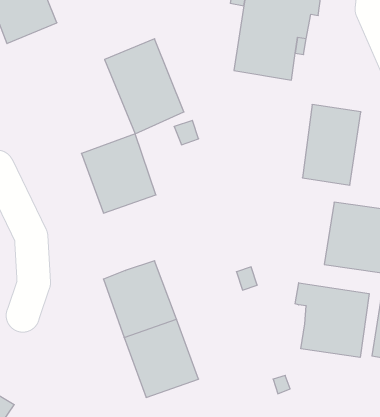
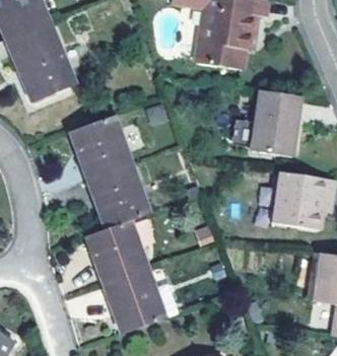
building: [105,39,184,134] -> [8,22,74,101]
building: none -> [88,165,149,228]
building: [295,283,369,357] -> none

